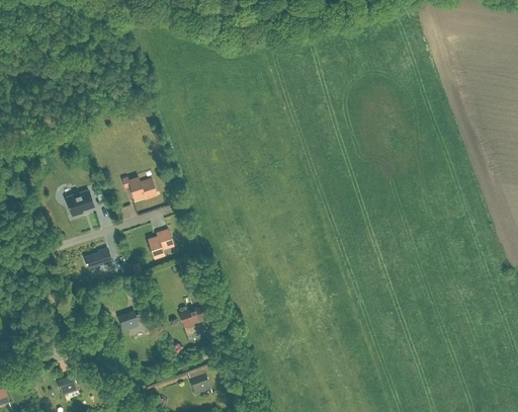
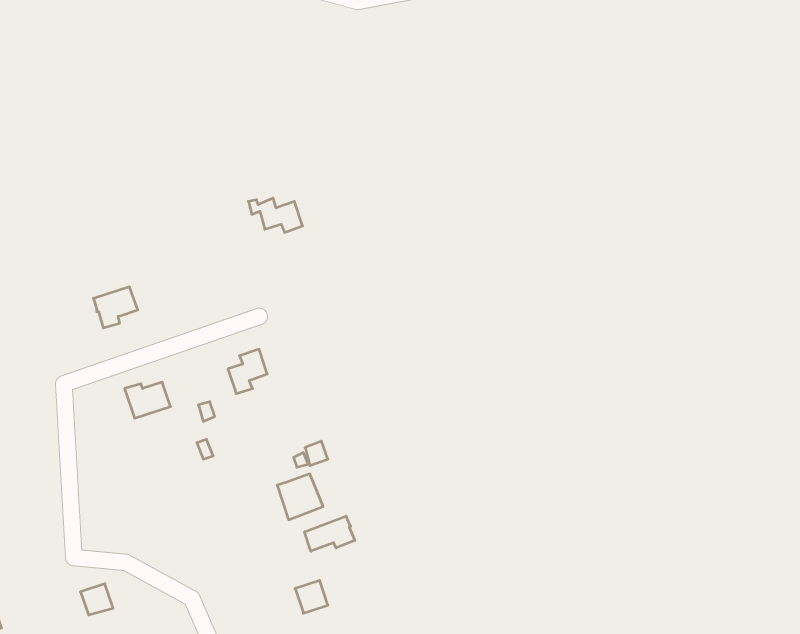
building: [122,177,156,198] -> [248,198,303,232]
building: [119,311,147,334] -> none
building: none -> [305,516,355,551]

